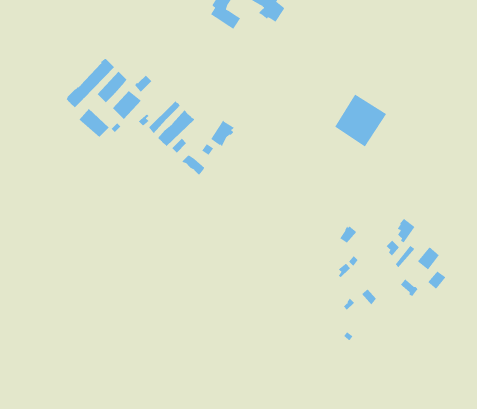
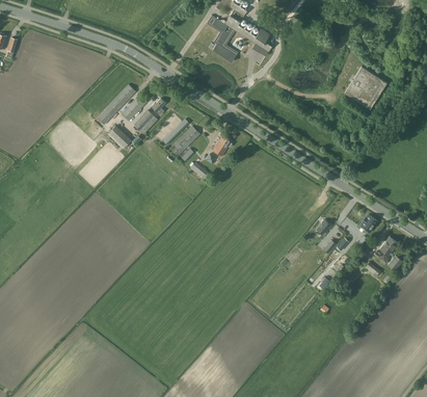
building: [334,93,387,147] -> [344,65,386,109]

